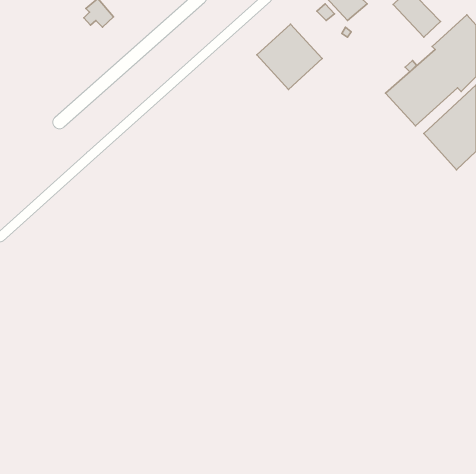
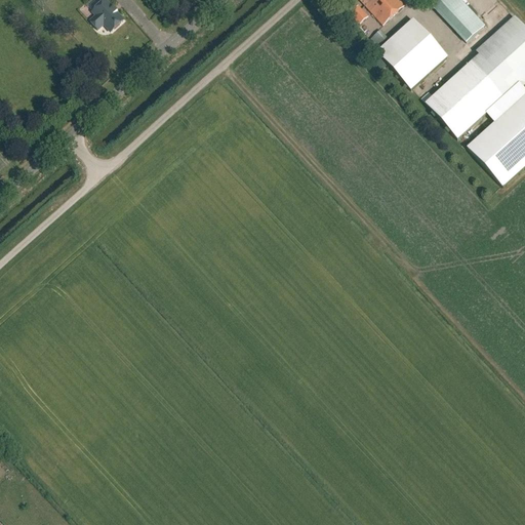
building: [257,24,322,89] -> [379,12,451,84]

